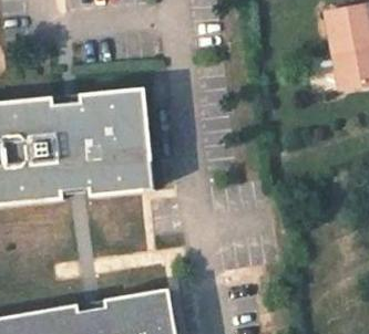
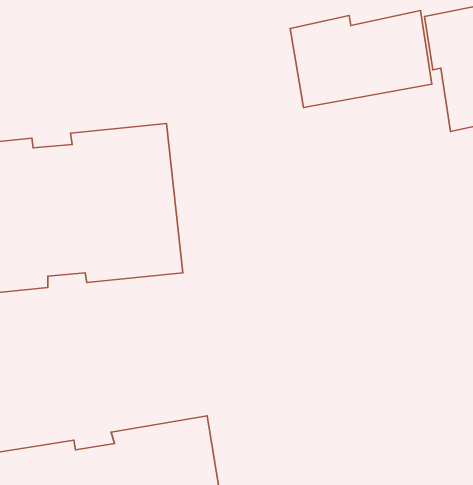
building: none -> [290,11,432,108]

